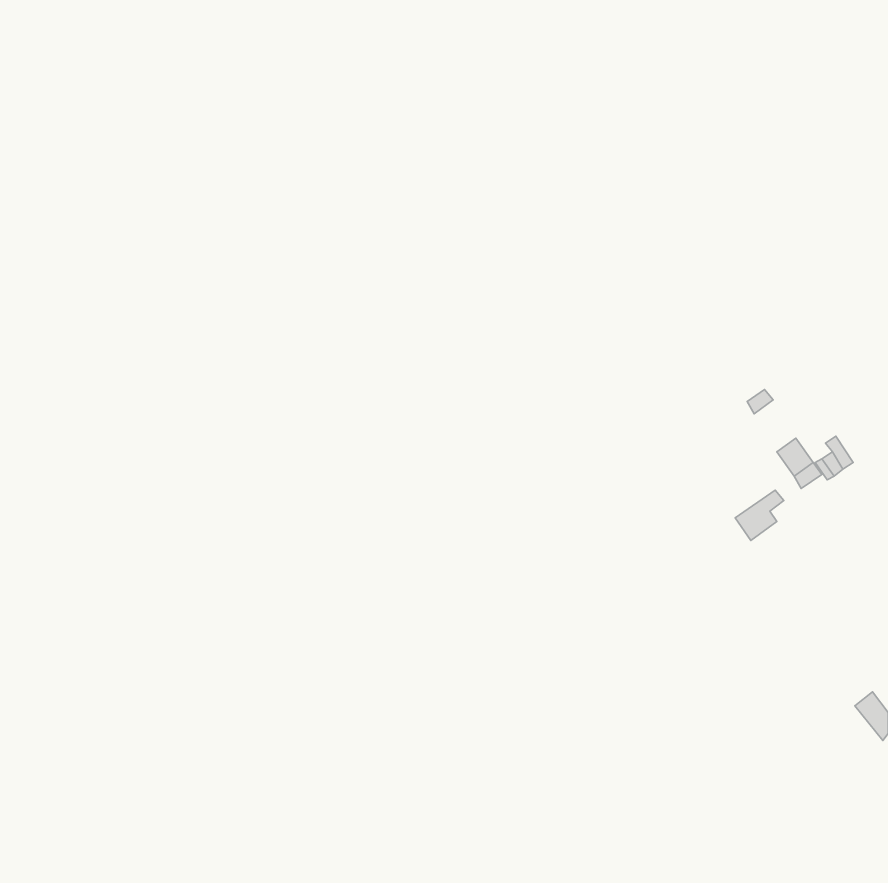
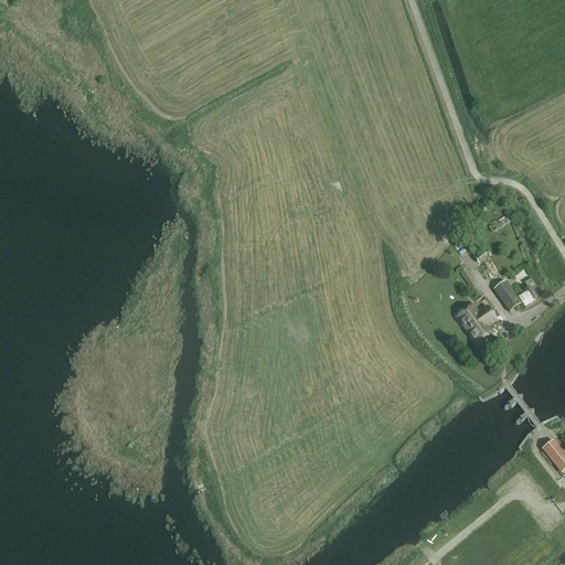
building: none -> [457,302,492,329]

